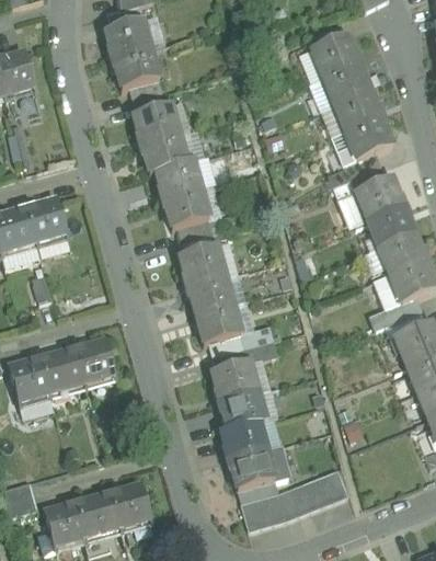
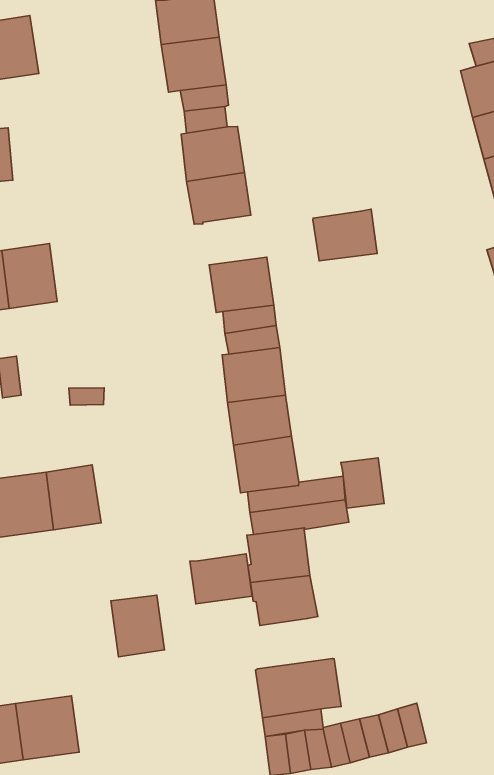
building: [157,160,202,198] -> [313,209,377,261]
building: none -> [341,458,384,508]
building: [223,422,267,459] -> [190,554,252,604]
building: [112,485,151,529] -> [111,595,165,657]

